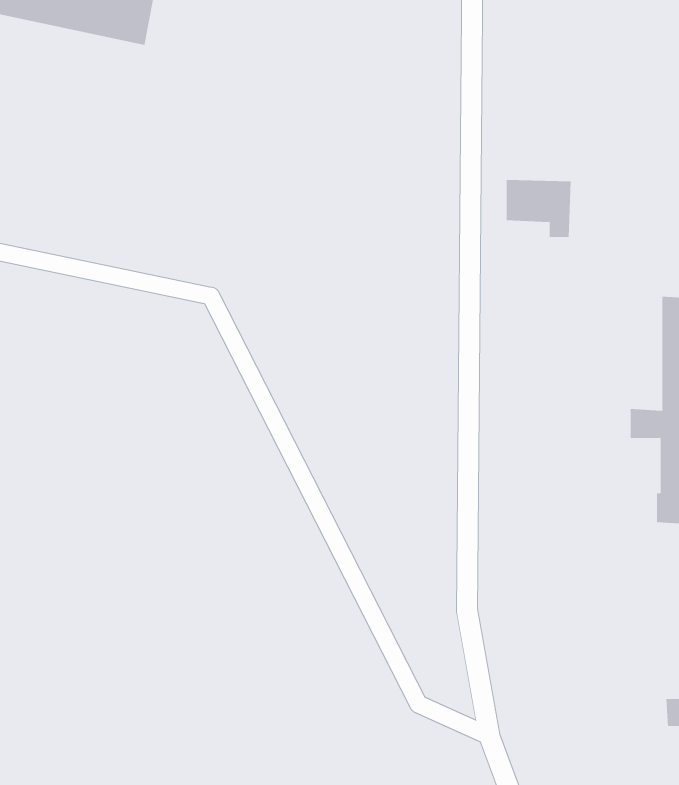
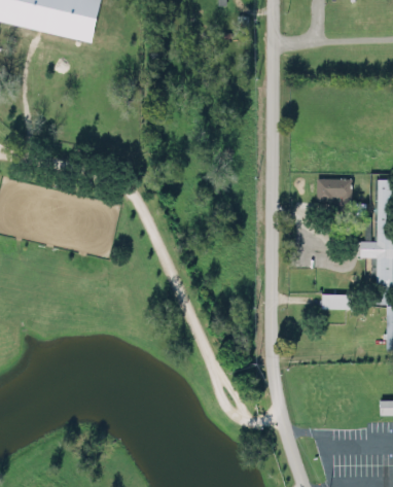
building: [506,179,571,237] -> [315,177,351,209]
building: none -> [320,293,350,308]

